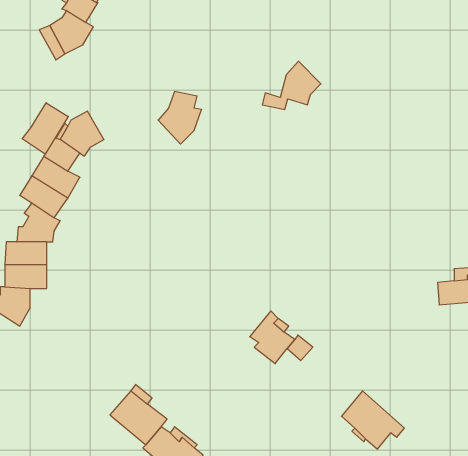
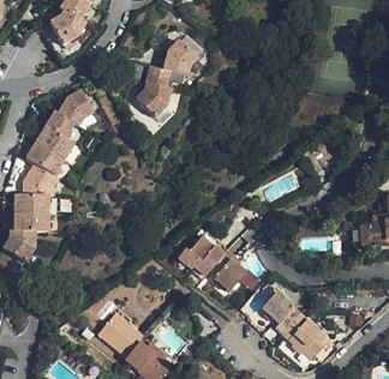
building: [262,61,321,109] -> [150,40,197,78]
building: [22,103,68,154] -> none
building: none -> [178,236,228,276]
building: none -> [262,291,300,333]

